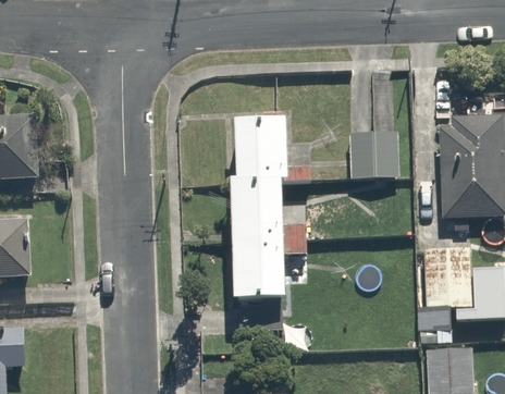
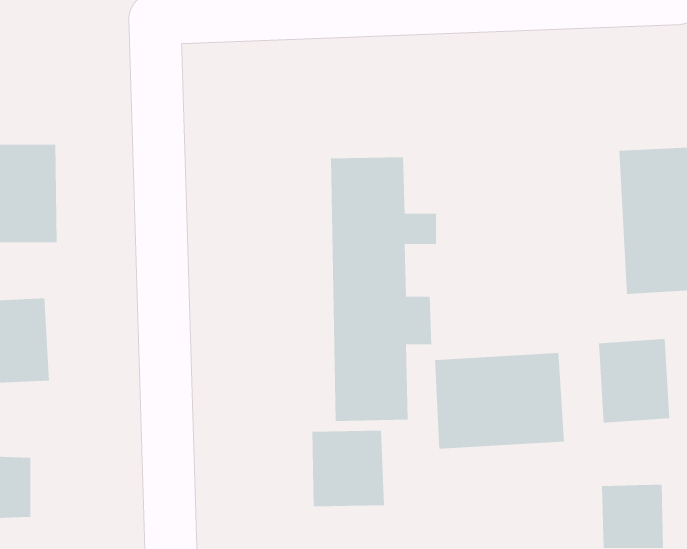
building: [348,131,399,175] -> none
building: none -> [435,352,565,449]
building: none -> [312,430,385,507]

